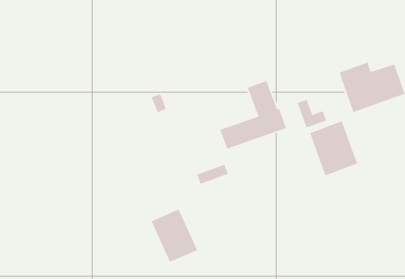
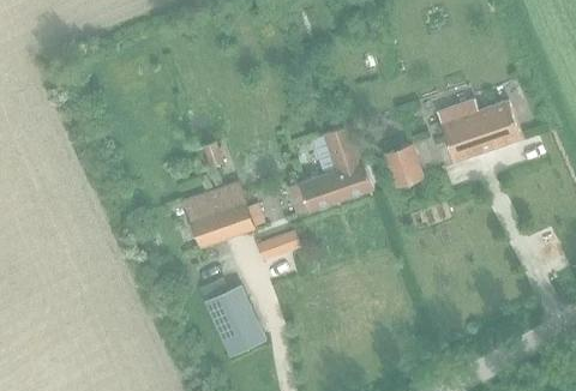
building: [309,120,358,177] -> none
building: none -> [185,181,256,246]

